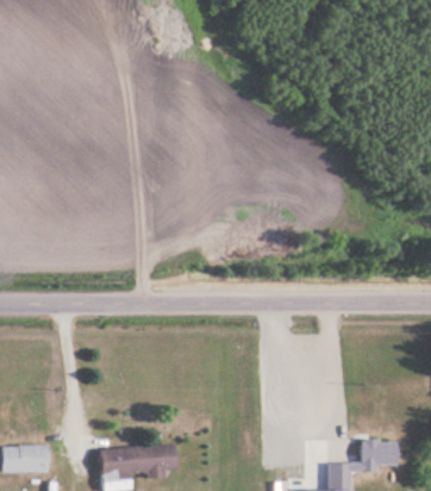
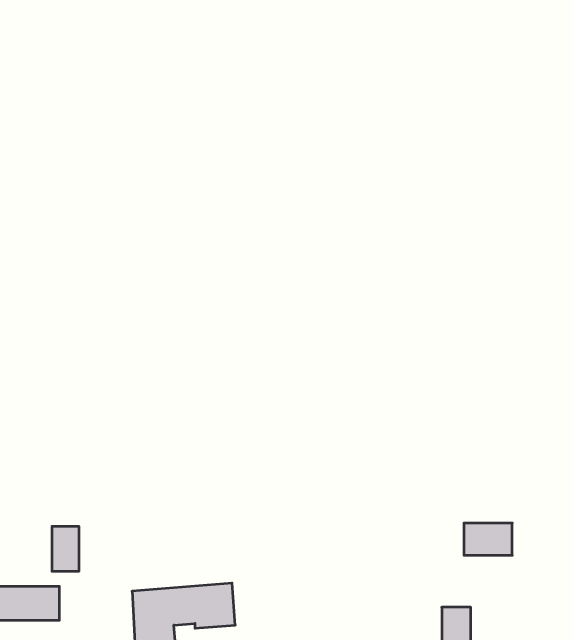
building: none -> [52,526,79,571]
building: [361,440,396,464] -> [464,523,512,555]

